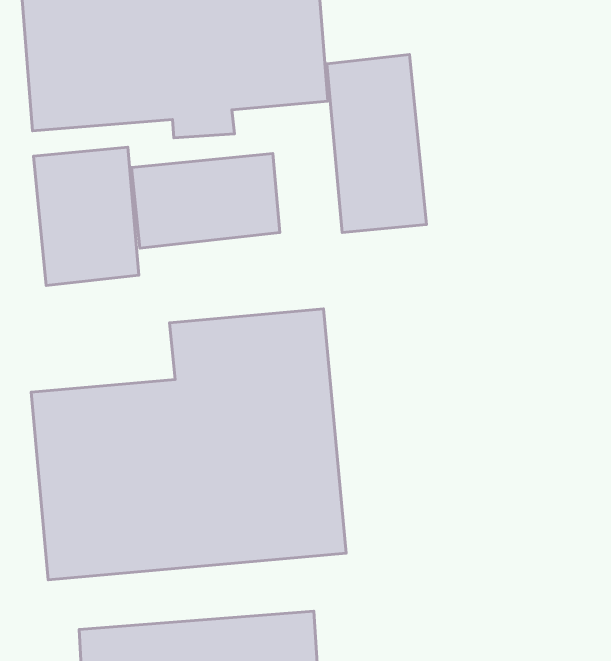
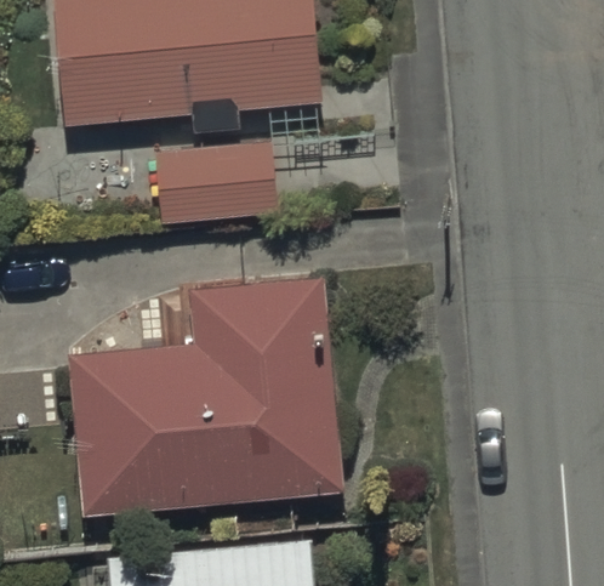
building: [327,55,427,233] -> none
building: [33,147,139,285] -> none

